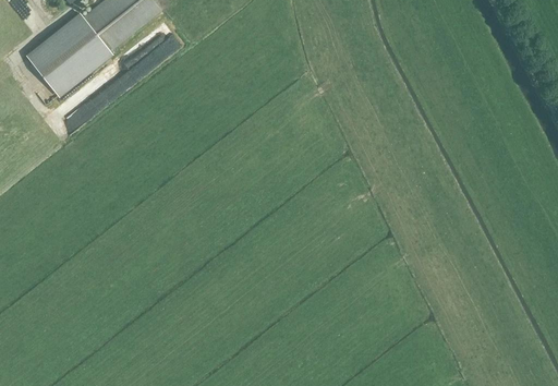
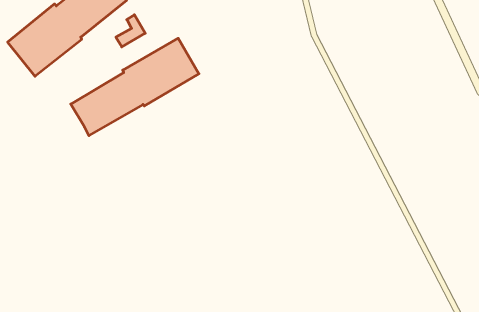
building: none -> [71,38,199,136]

